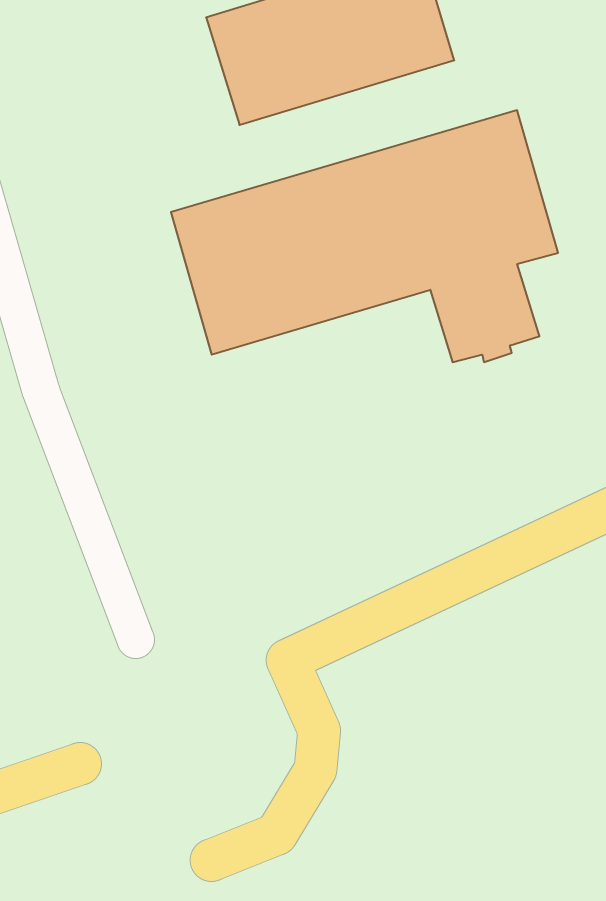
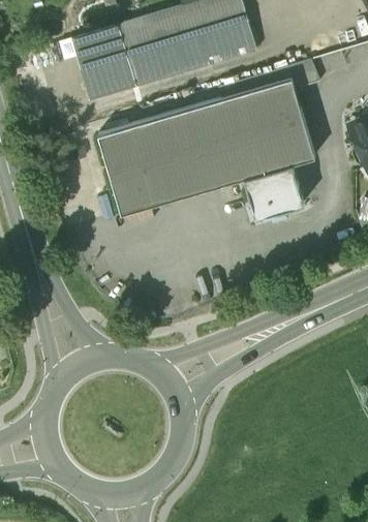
building: none -> [72,27,136,100]

